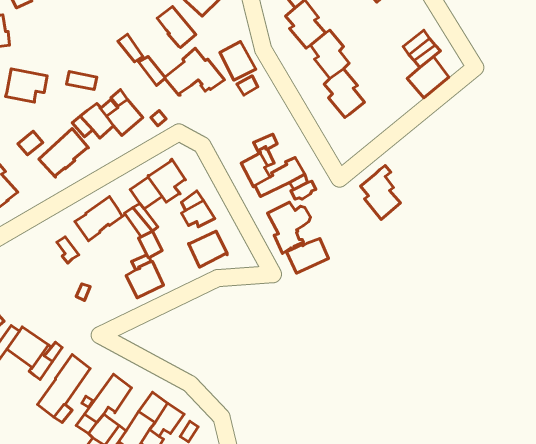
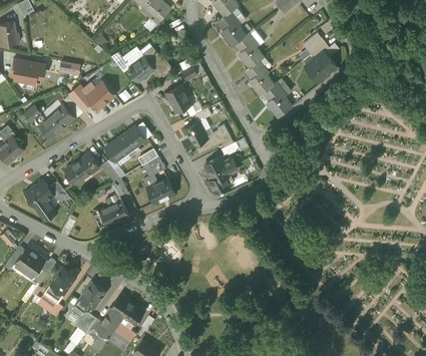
building: [157,6,196,48] -> none
building: [220,41,256,80] -> [166,84,192,112]
building: [360,165,401,219] -> [264,78,293,117]
building: none -> [26,181,56,220]
building: [287,238,328,273] -> none

